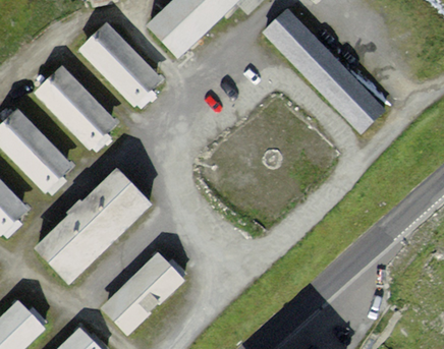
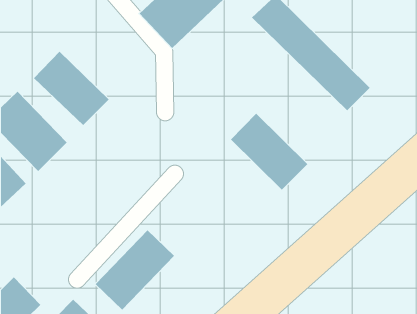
building: [75,23,163,108] -> none
building: none -> [230,113,308,191]
building: [34,168,152,287] -> none

